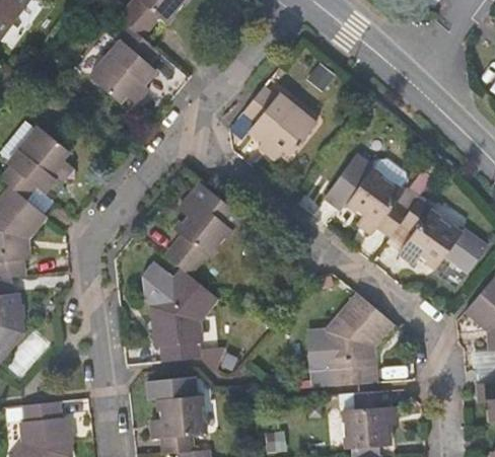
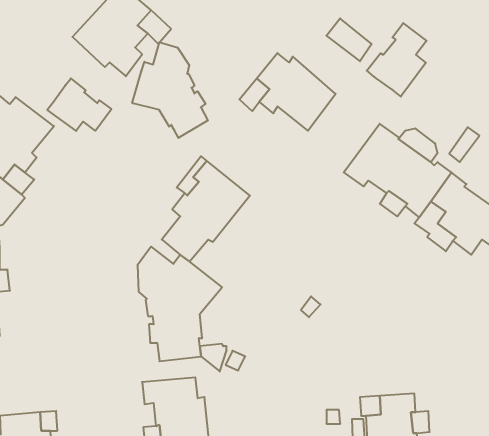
building: none -> [367,23,427,97]
building: none -> [132,42,208,138]
building: none -> [47,78,111,131]
building: [308,293,394,386] -> none

